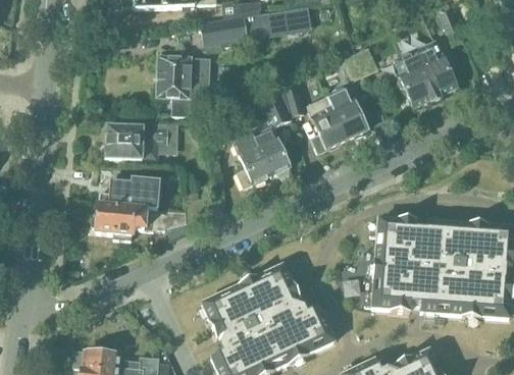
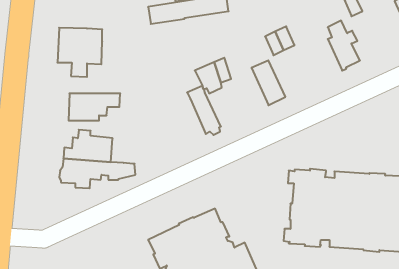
building: [393,47,436,107] -> none
building: [157,55,211,114] -> [57,28,102,77]
building: [307,96,348,154] -> none
building: [227,118,272,186] -> none

